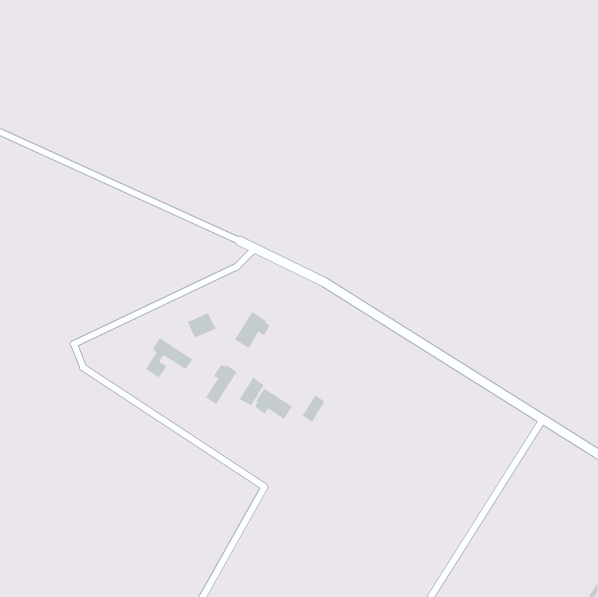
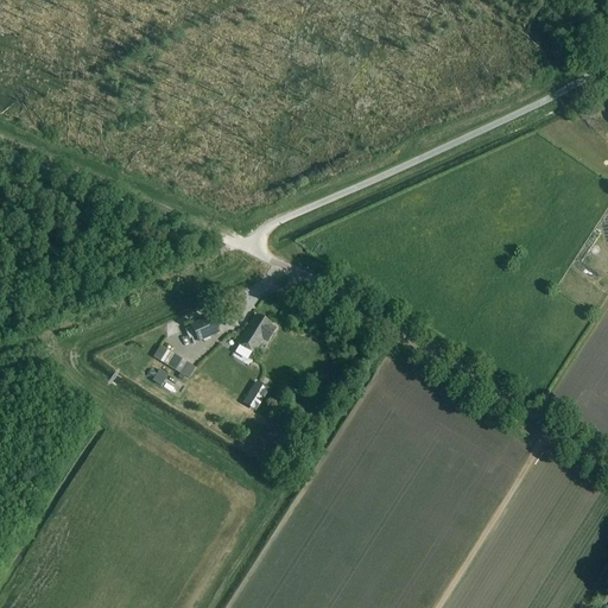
building: [205,364,237,405] -> none
building: [254,388,293,420] -> none

